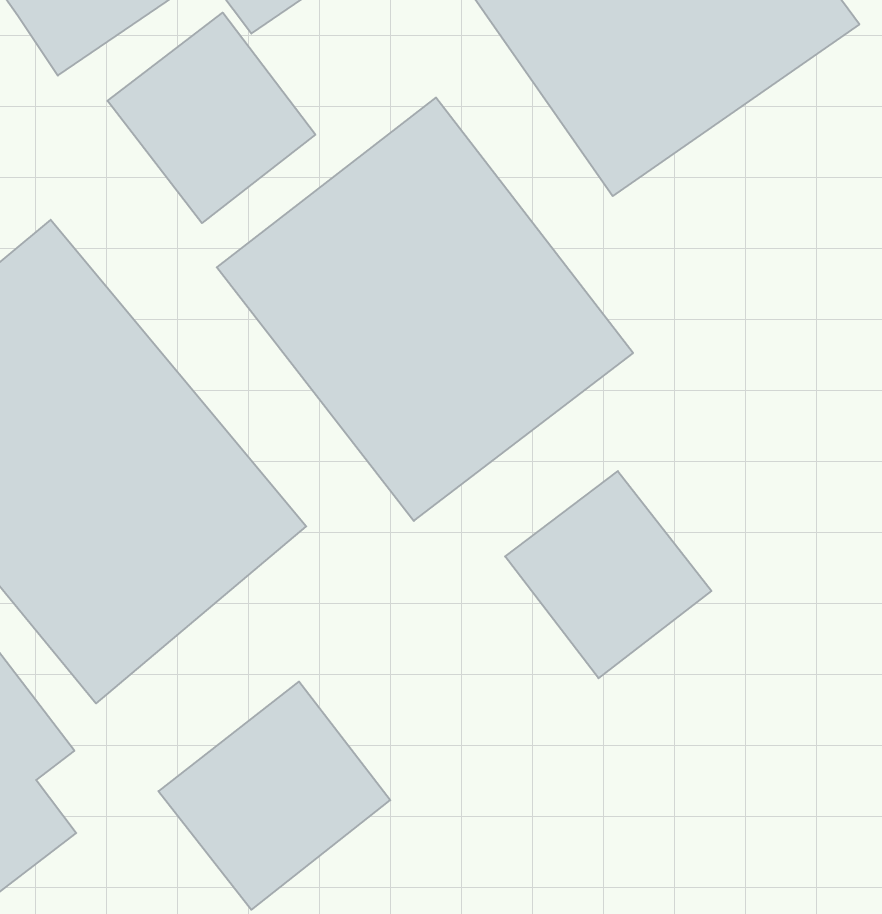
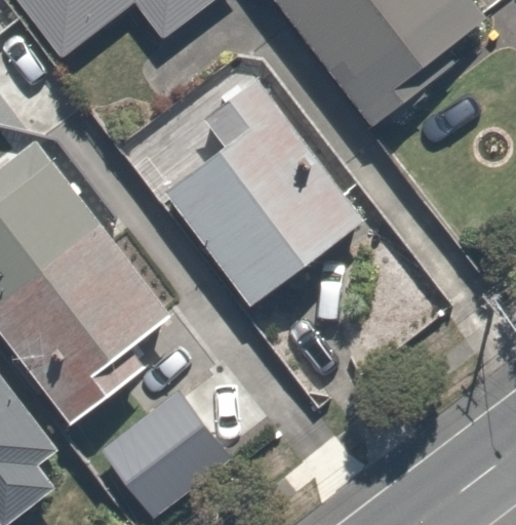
building: [107,13,315,223] -> none
building: [505,471,711,678] -> none

